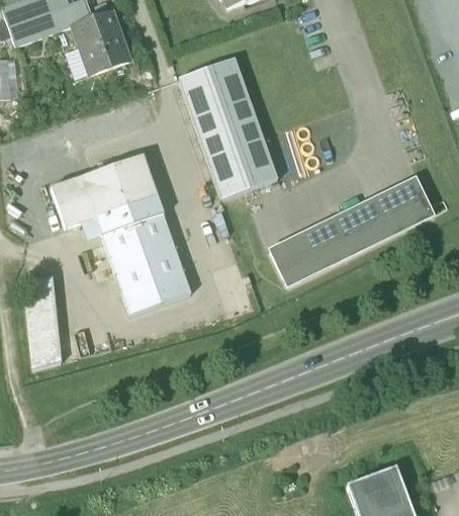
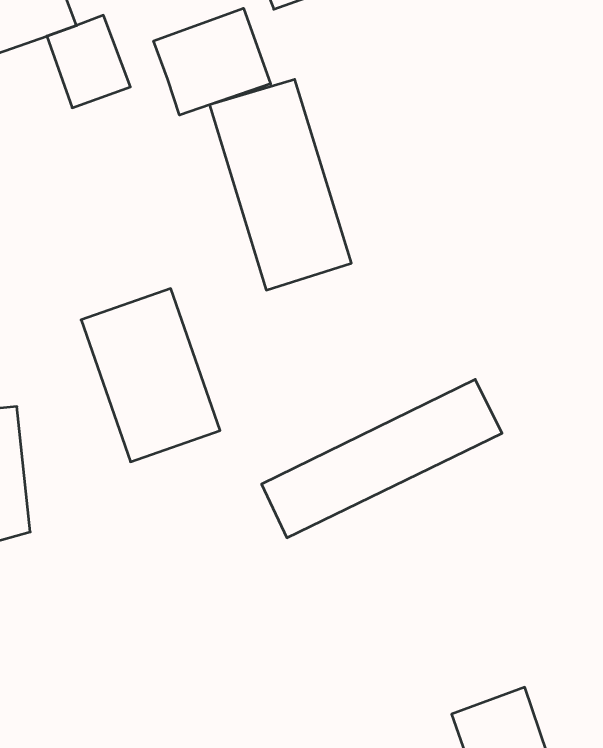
building: none -> [154,8,271,115]
building: [50,155,156,229] -> none
building: [269,178,432,285] -> [262,379,502,538]

